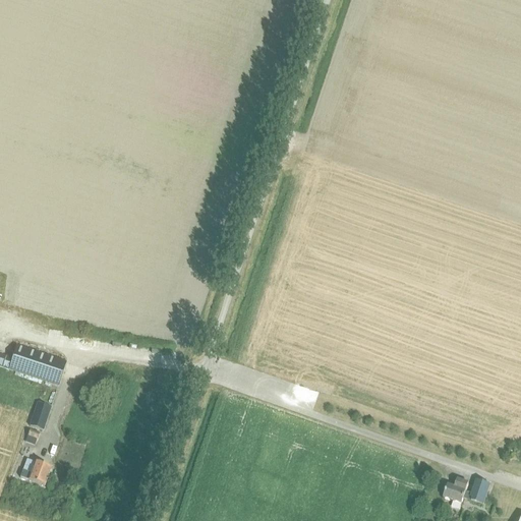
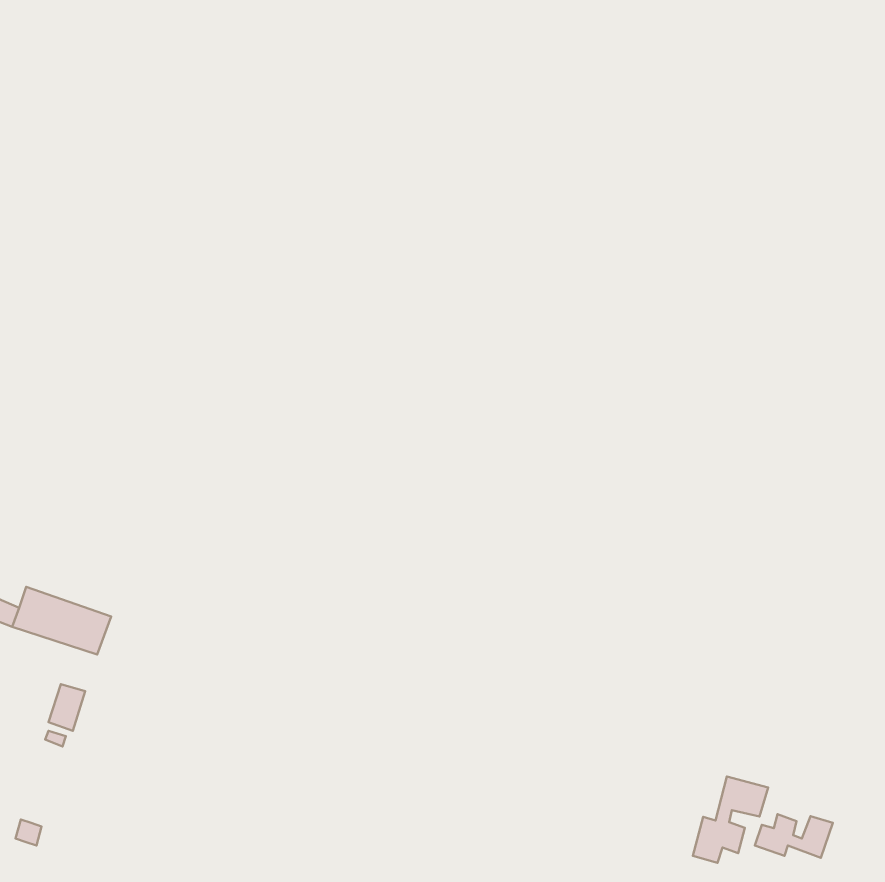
building: none -> [693,777,768,863]
building: [20,460,49,484] -> none

